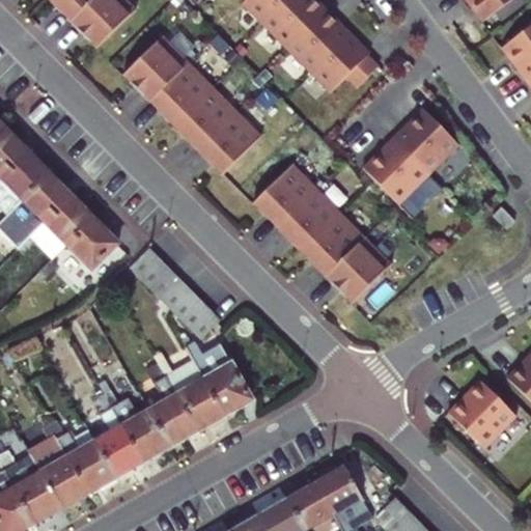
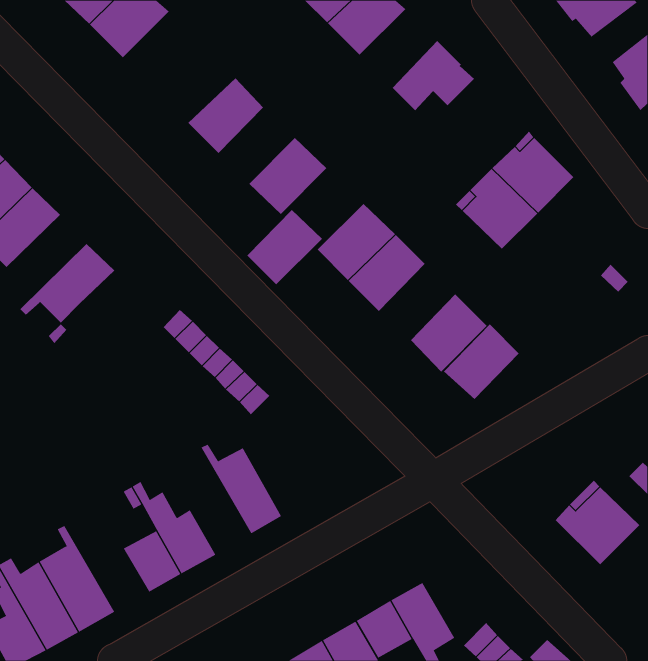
building: [288,7,351,71] -> none
building: [125,36,189,99] -> none
building: [175,86,236,147] -> [247,209,323,285]
building: [5,172,69,248] -> none
building: [304,212,365,273] -> [443,324,520,400]
building: [64,217,117,270] -> none
building: [187,341,251,414] -> none
building: [150,359,201,445] -> none
building: [52,417,119,491] -> none

